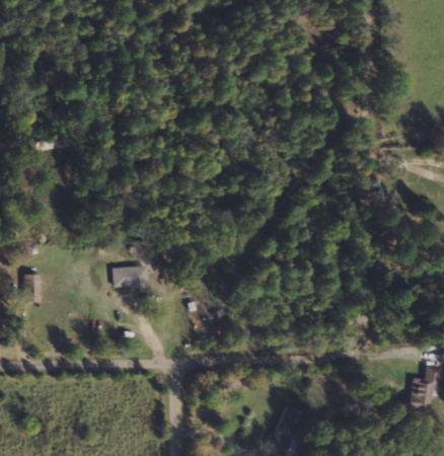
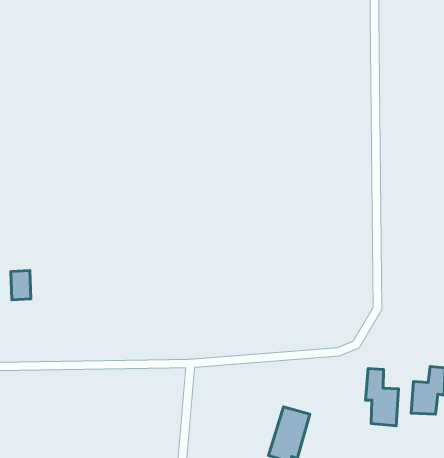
building: [112,265,148,287] -> none
building: none -> [365,369,398,426]

